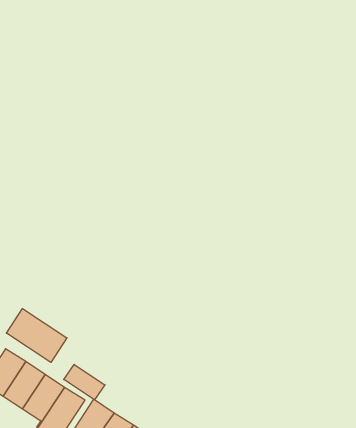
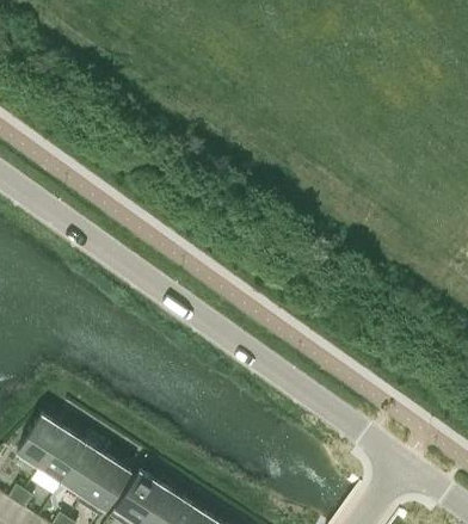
building: [6,309,67,362] -> none
building: [64,364,105,400] -> none

